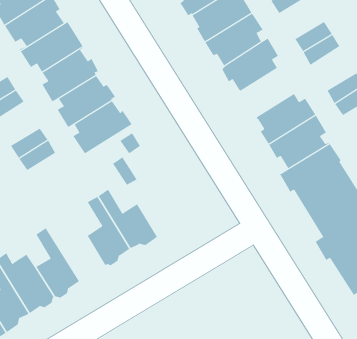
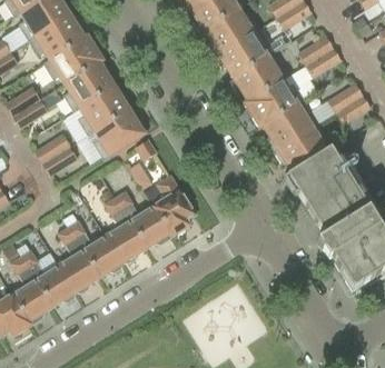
building: none -> [244,79,304,127]
building: none -> [144,175,196,236]
building: none -> [68,221,122,277]

